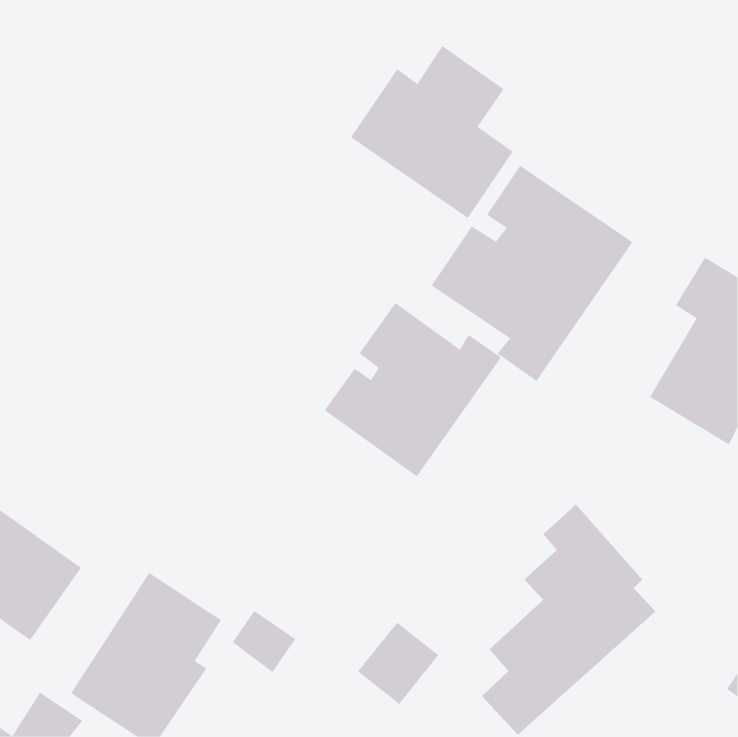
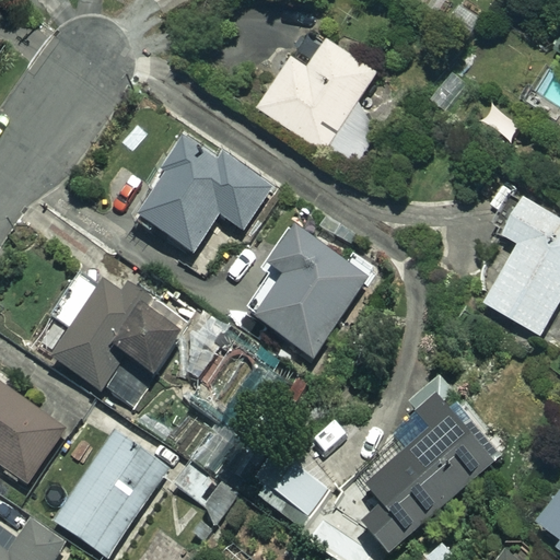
building: [431,165,633,382] -> none
building: none -> [137,137,270,250]
building: none -> [49,267,180,387]

